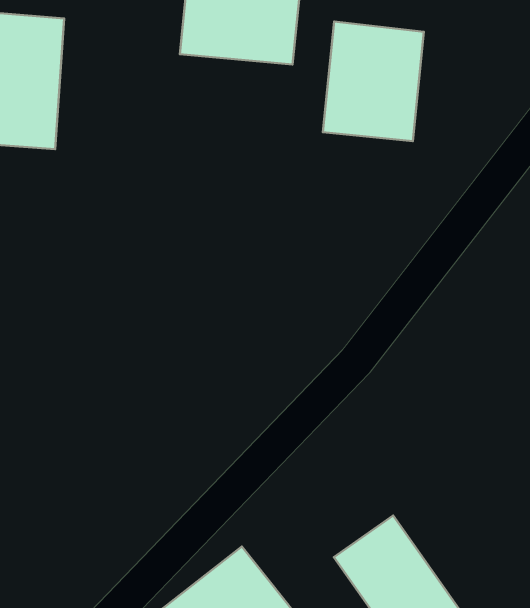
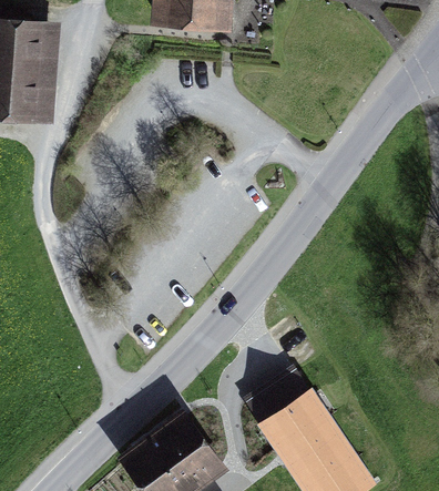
building: [323,22,424,141] -> none

